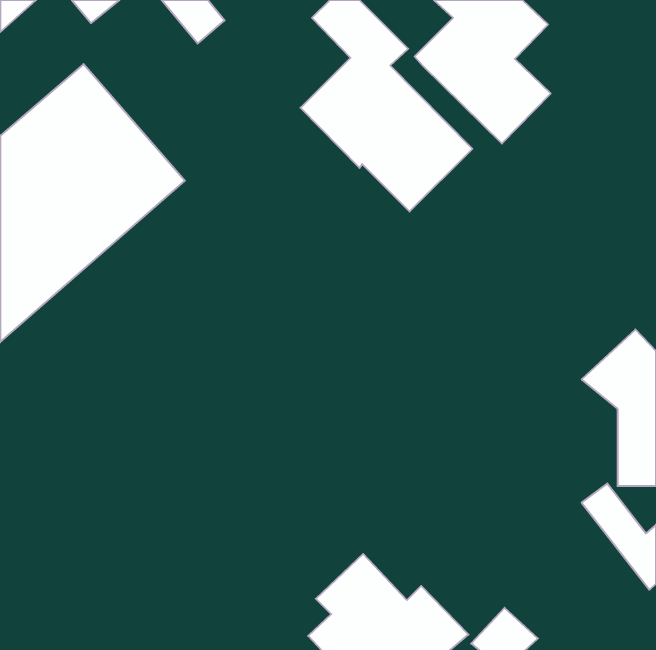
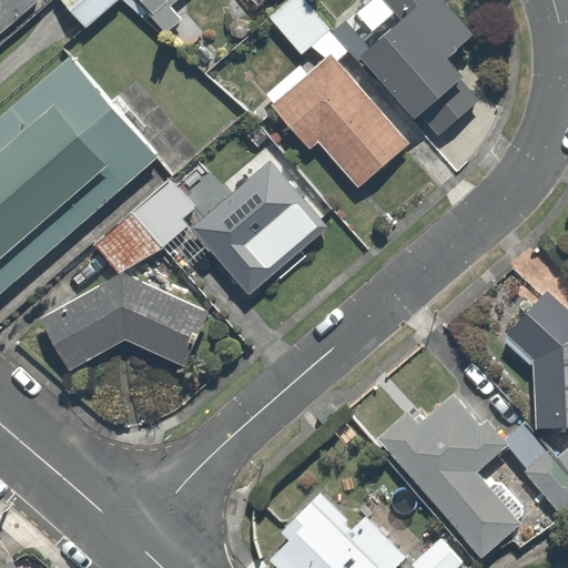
building: none -> [191,156,335,300]
building: none -> [91,182,190,273]
building: none -> [40,276,201,372]
building: none -> [368,396,521,557]

